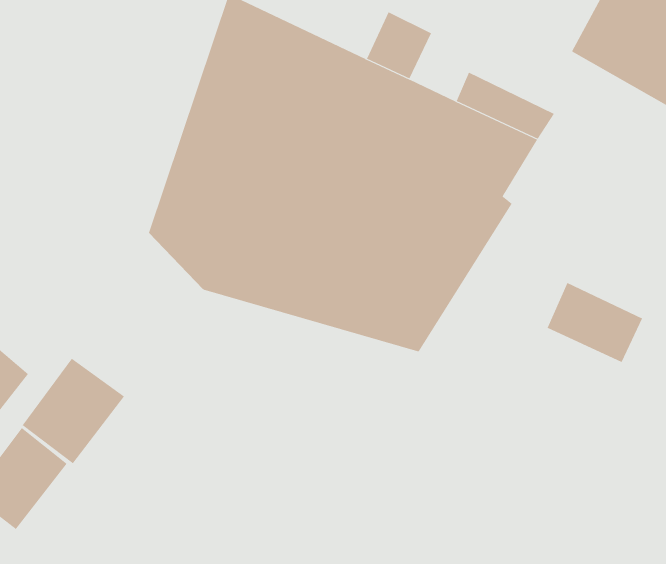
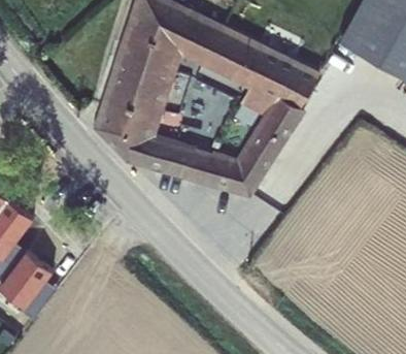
building: [547,282,643,363] -> none
building: [22,358,125,464] -> none

